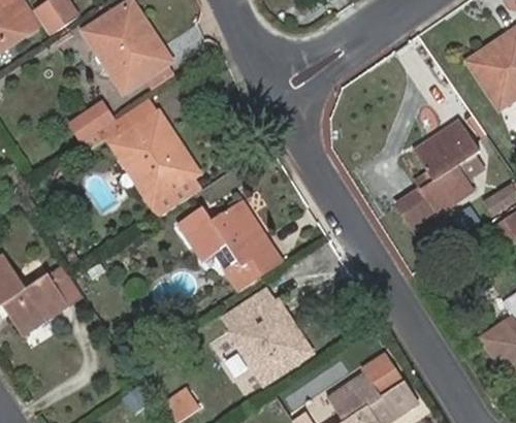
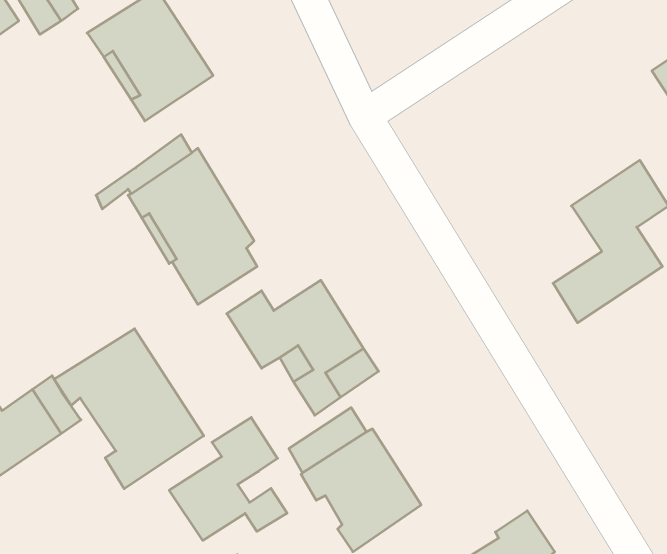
building: [72,105,117,147] -> none
building: none -> [54,329,204,489]
building: none -> [169,417,287,540]

